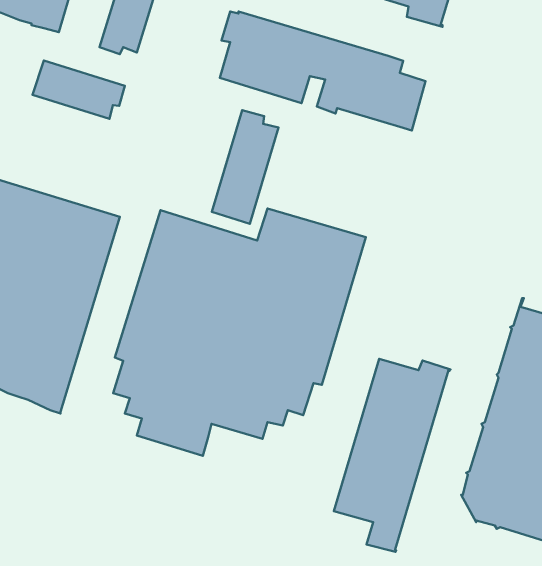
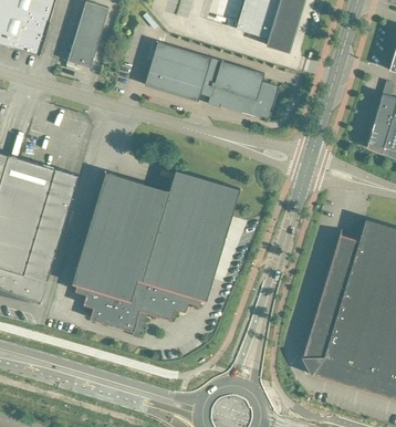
building: [32,61,125,119] -> none
building: [212,110,278,224] -> none
building: [334,359,450,552] -> none

